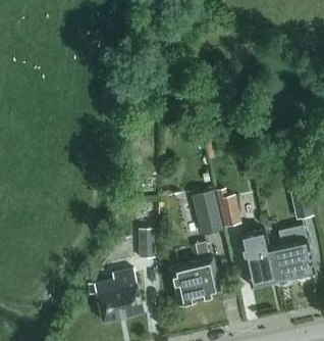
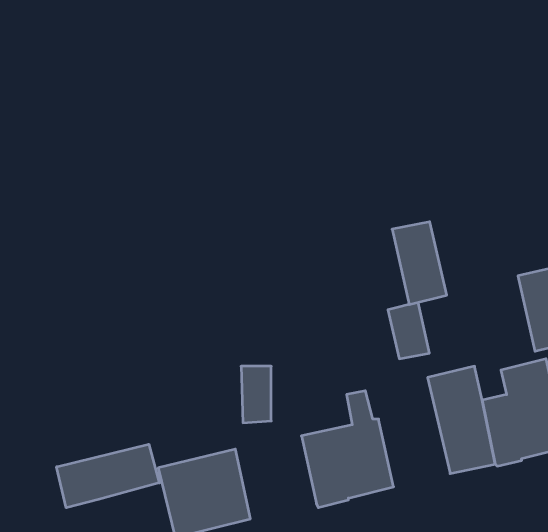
building: [194,191,223,236] -> [392,222,447,305]
building: none -> [57,444,159,508]

